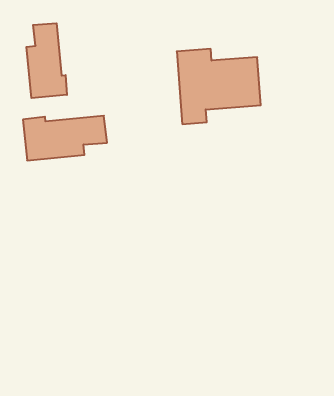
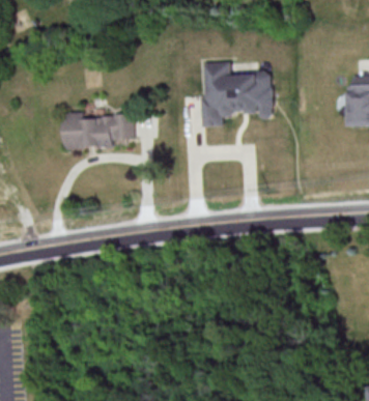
building: [26,23,67,98] -> none

